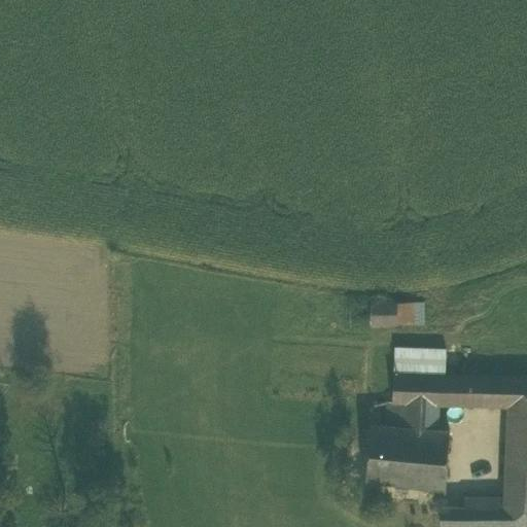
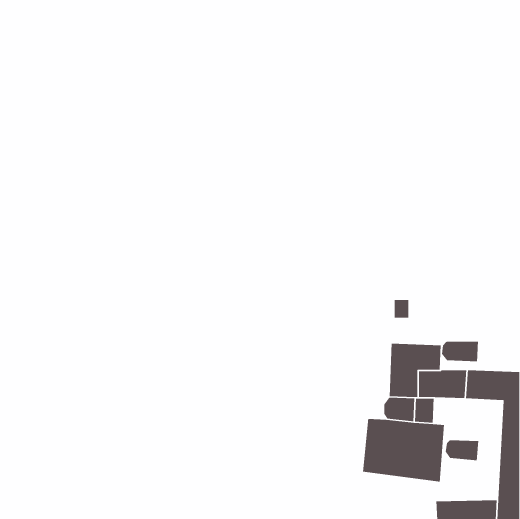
building: [371,304,398,323] -> none
building: none -> [441,341,479,362]
building: none -> [445,439,479,461]

